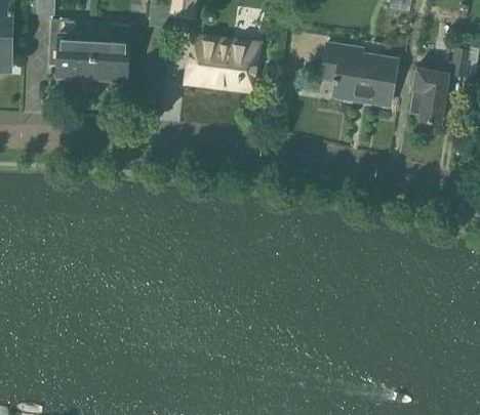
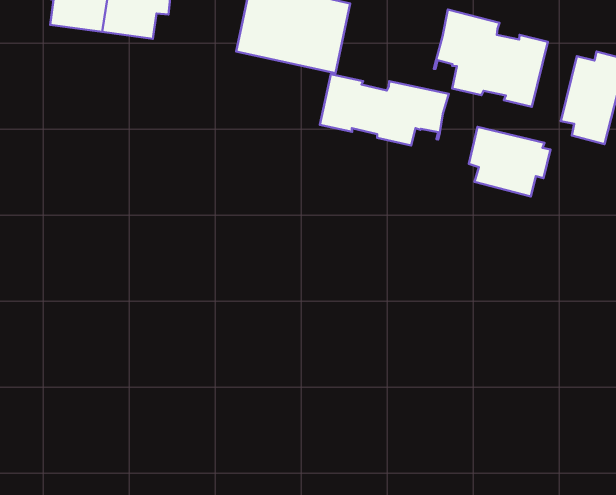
building: none -> [320,74,449,145]
building: none -> [469,127,550,196]

